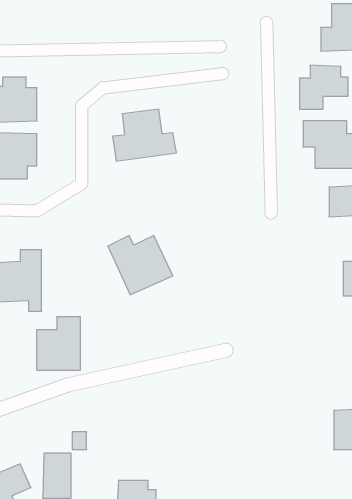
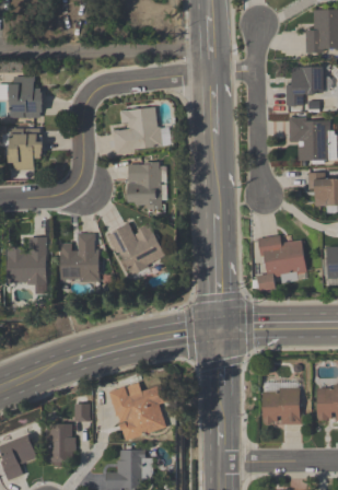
building: none -> [126,162,163,209]
building: none -> [258,235,306,291]
building: [37,317,80,370] -> [59,233,100,282]
building: none -> [263,380,301,424]
building: none -> [109,385,170,441]

